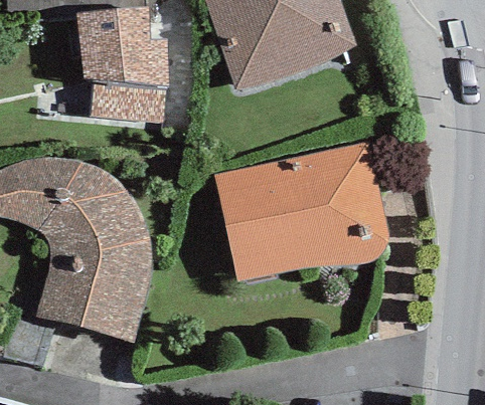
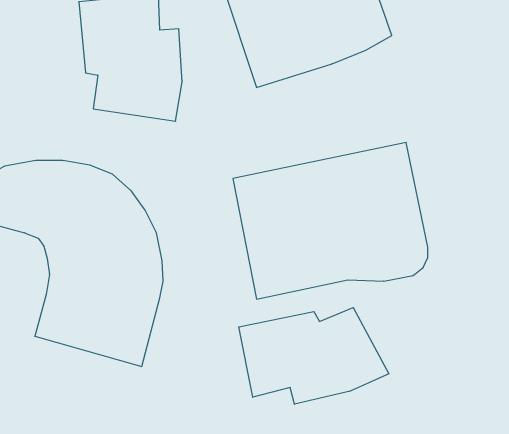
building: none -> [239,308,389,404]

